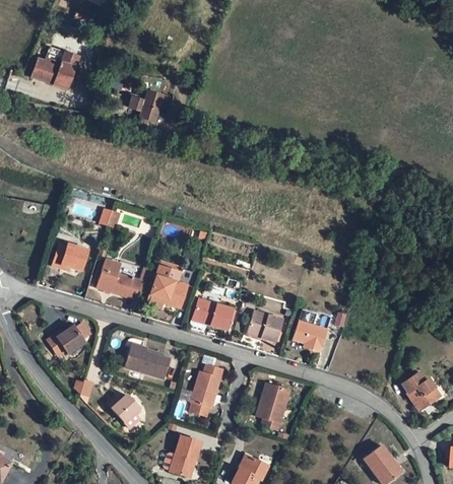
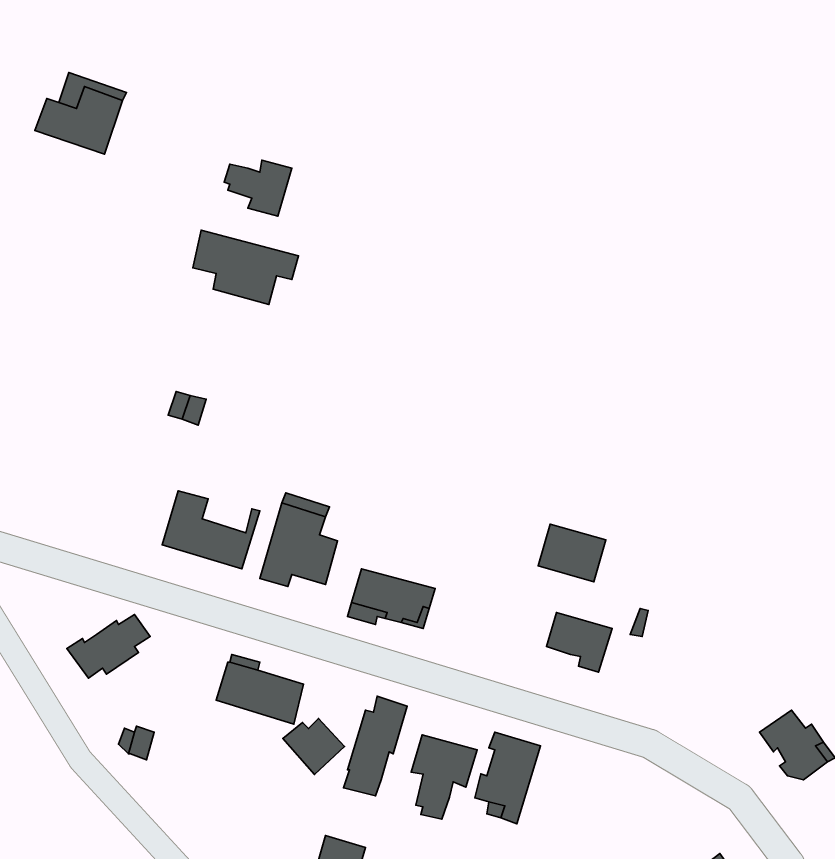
building: none -> [193,230,298,305]
building: [52,244,87,270] -> none
building: [247,312,281,341] -> [538,524,606,582]
building: none -> [411,735,477,819]
building: [108,394,139,422] -> [283,719,344,774]

